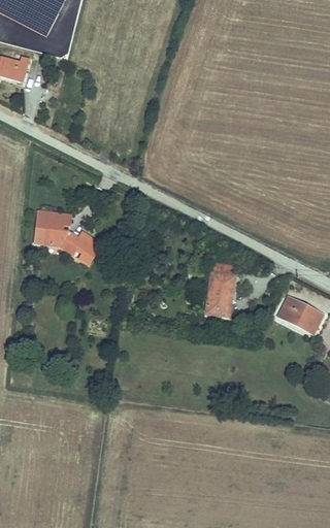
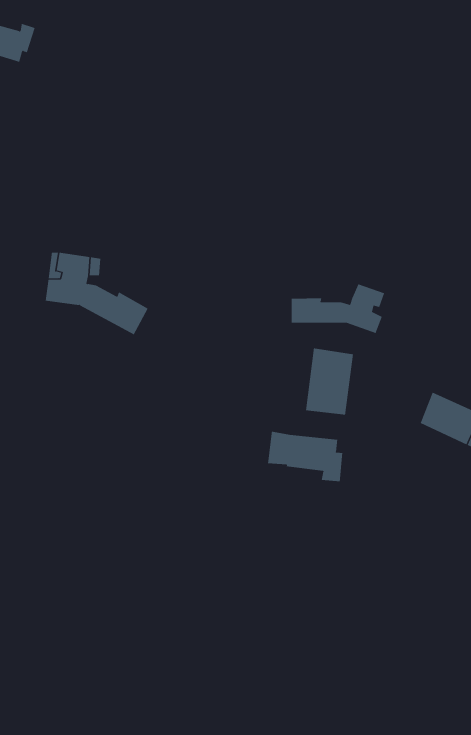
building: none -> [291,284,385,334]
building: none -> [267,431,343,482]

